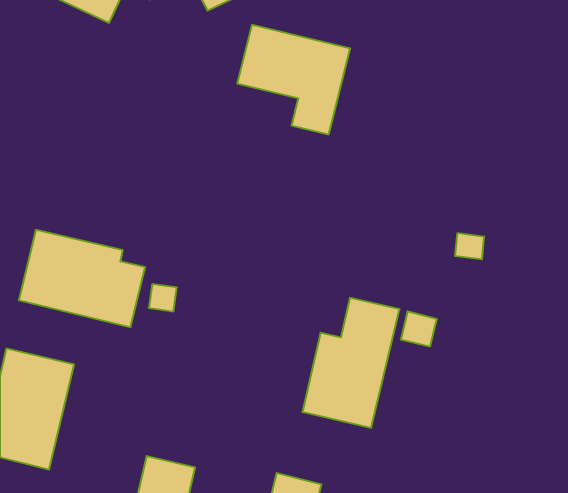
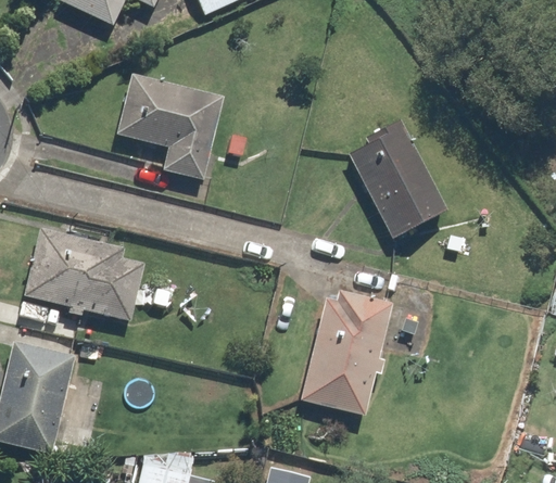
building: [237,25,350,134] -> [113,73,222,178]
building: none -> [348,119,447,241]

